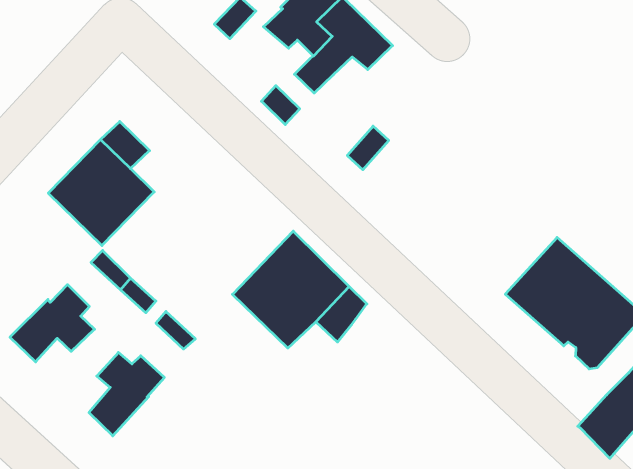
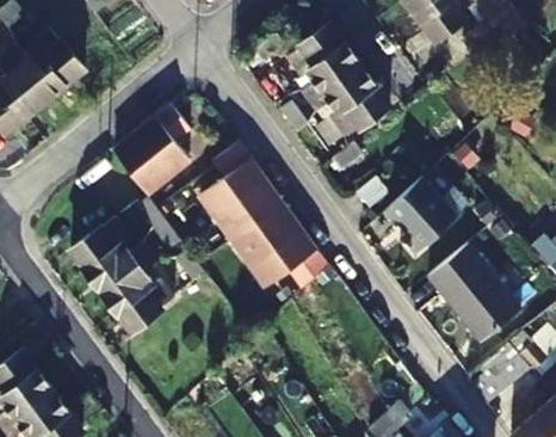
building: none -> [330,87,390,139]
building: none -> [200,146,285,246]
building: none -> [382,178,457,257]
building: none -> [88,245,162,314]

